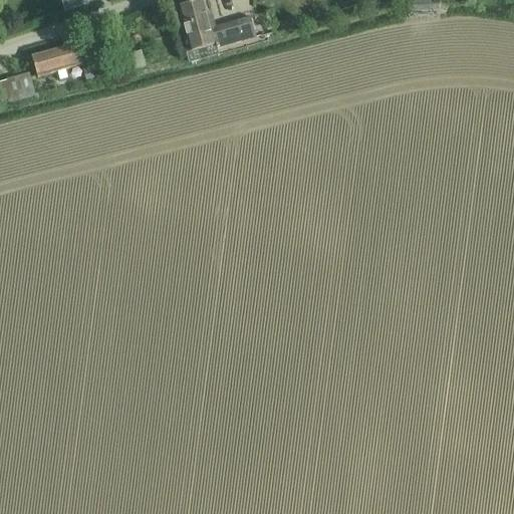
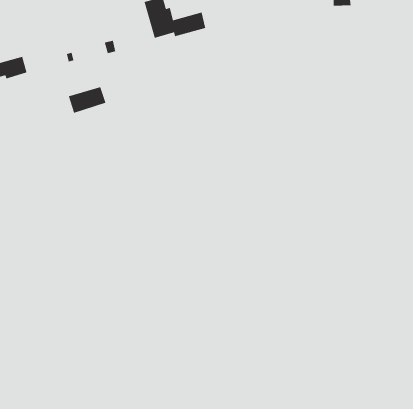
building: [34,41,82,75] -> [68,86,107,114]

